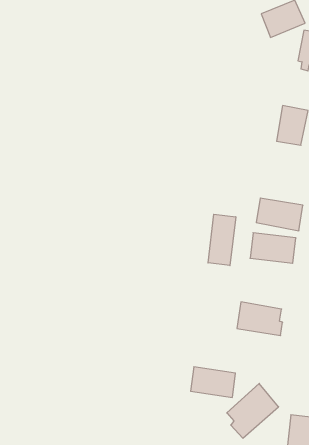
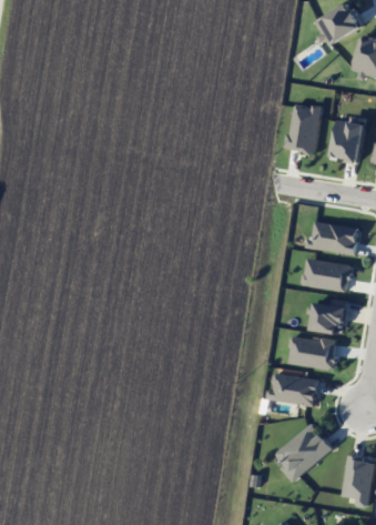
building: none -> [287,103,322,154]
building: [208,214,236,266] -> none
building: none -> [312,299,347,335]
building: [191,367,235,397] -> [271,373,319,406]

